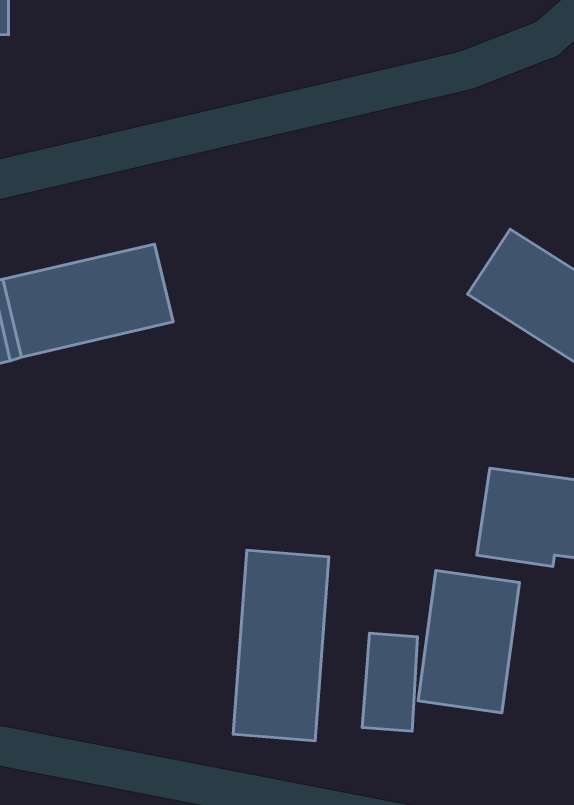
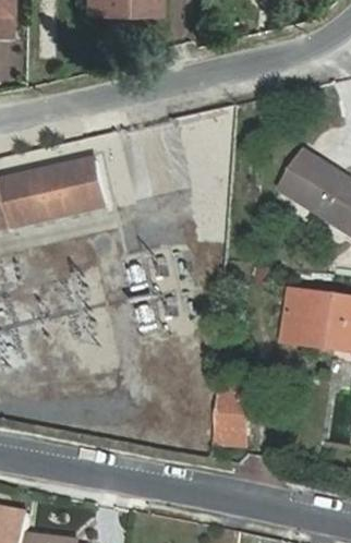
building: [233,550,329,741] -> none
building: [418,571,520,713] -> none

